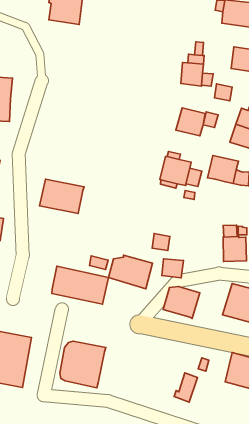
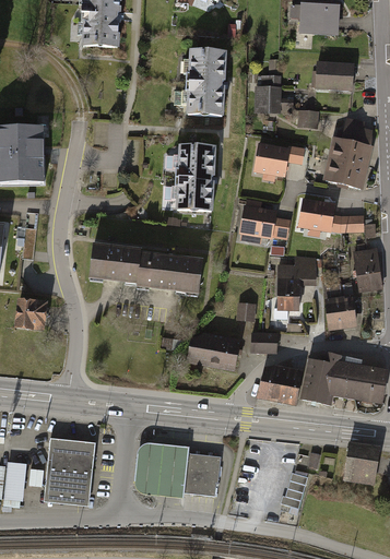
building: none -> [186,52,229,119]
building: none -> [175,148,218,216]
building: none -> [275,255,316,310]
building: [52,266,108,304] -> [140,255,209,298]
building: none -> [298,350,340,405]
building: none -> [184,454,221,498]

